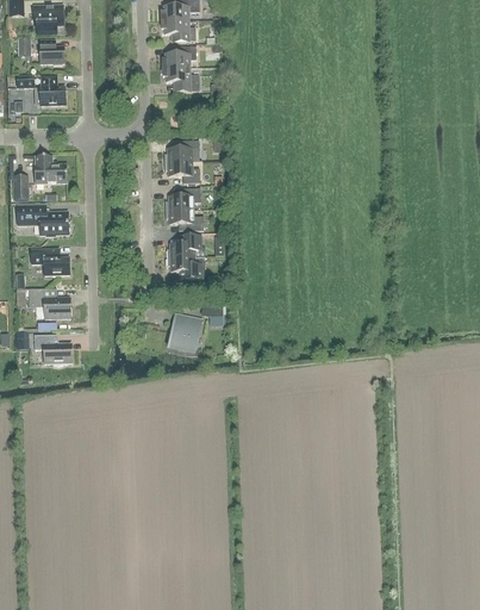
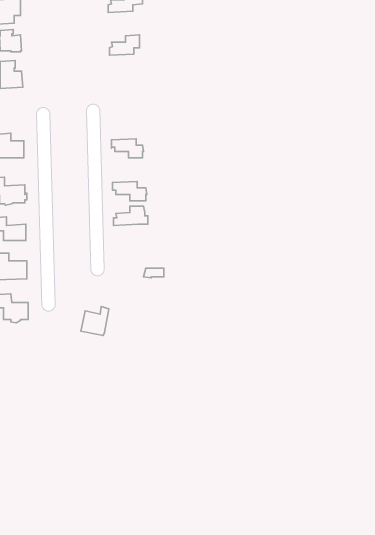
building: [160,19,194,41] -> none
building: [161,67,198,91] -> none
building: [163,141,198,162] -> none
building: [164,188,199,210] -> none
building: [166,256,204,278] -> none
building: [168,317,199,349] -> [81,307,109,336]

